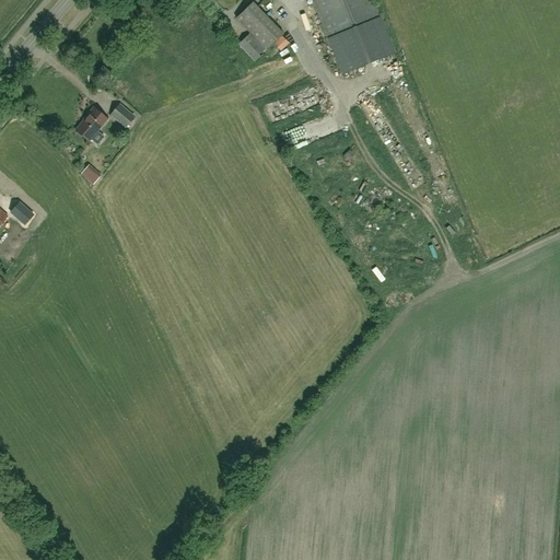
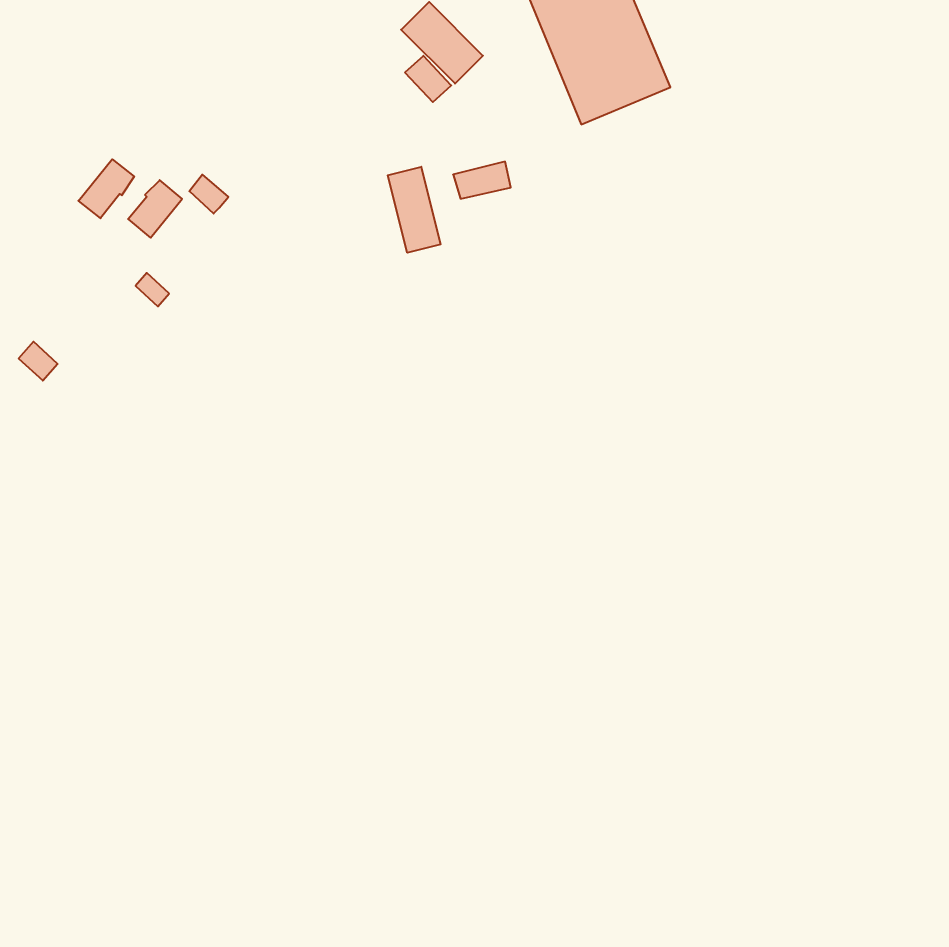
building: none -> [78,159,134,218]
building: none -> [388,167,441,253]

